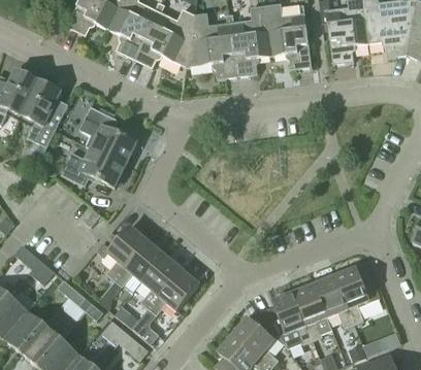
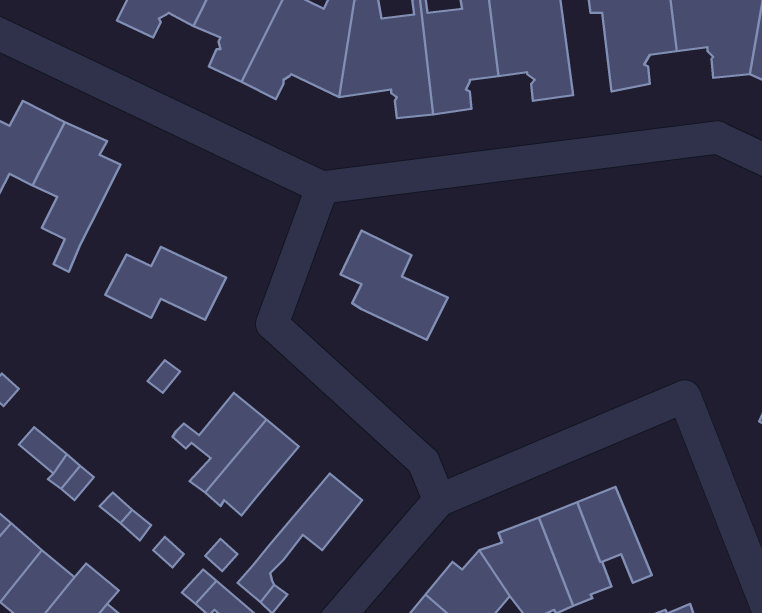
building: [78,105,136,164] -> [341,230,448,340]
building: [139,255,181,308] -> none
building: [334,267,379,324] -> none

